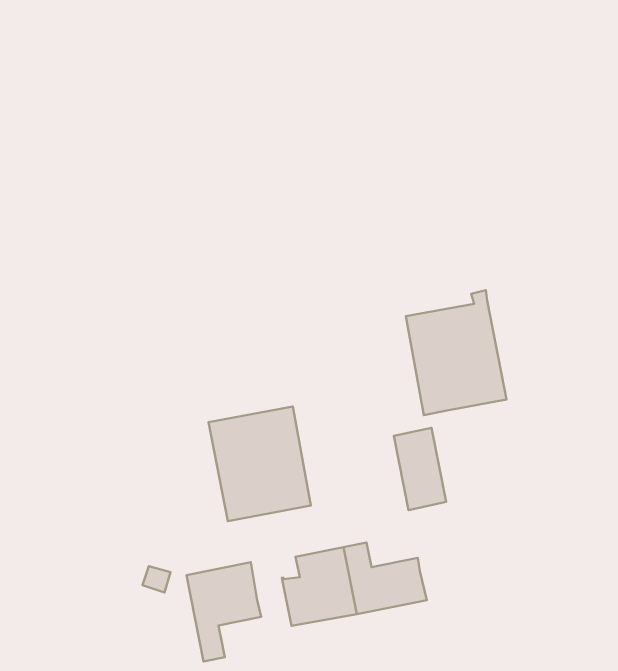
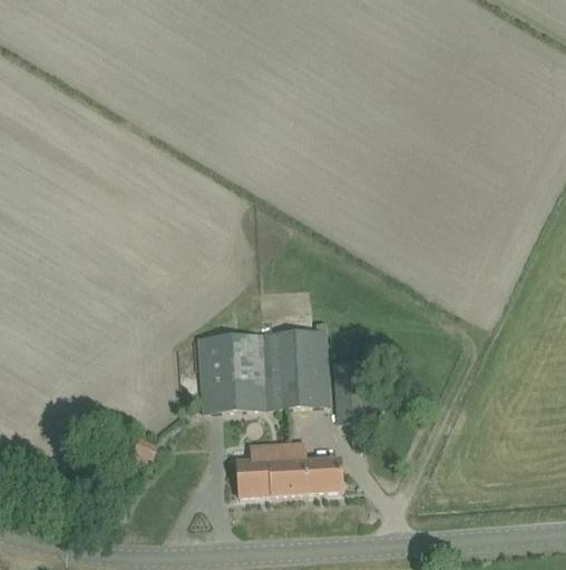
building: [406,290,507,415] -> [262,322,329,409]
building: [187,562,261,661] -> none

